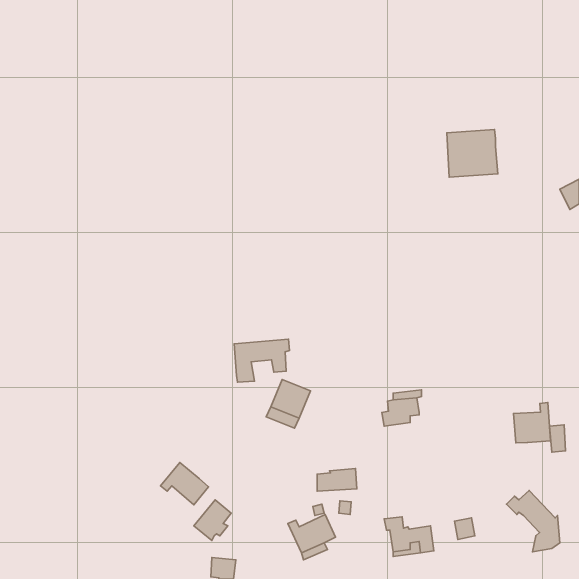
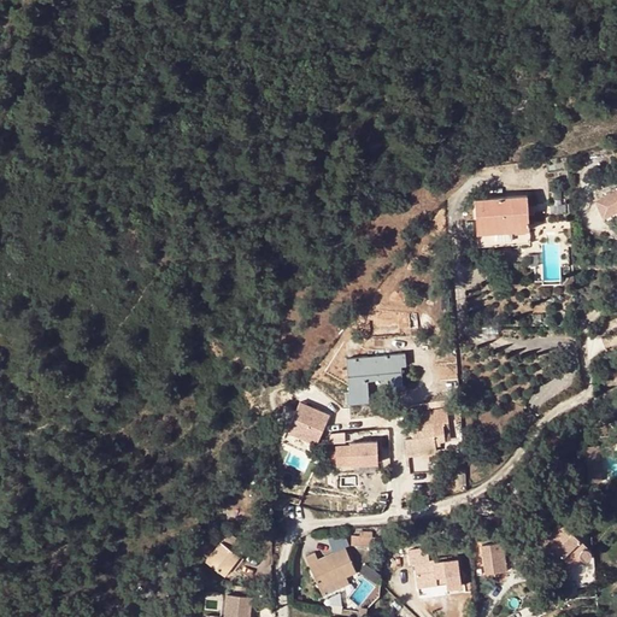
building: [447,130,498,177] -> [476,195,530,246]
building: [234,339,290,382] -> [347,353,406,399]
building: [514,403,551,443] -> none
building: [160,463,209,505] -> none
building: [317,468,357,491] -> [336,441,378,465]

